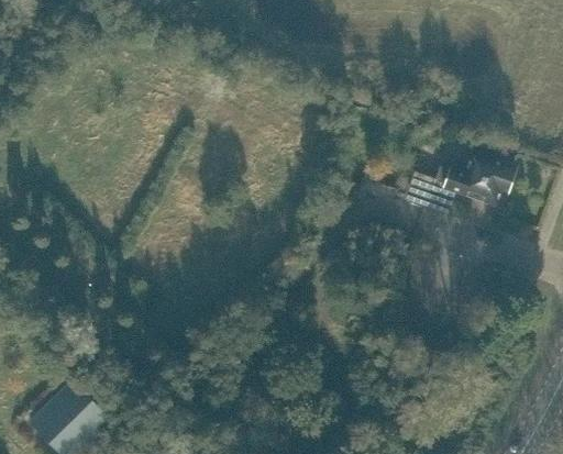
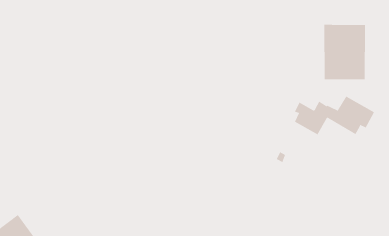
building: none -> [324,24,365,80]

